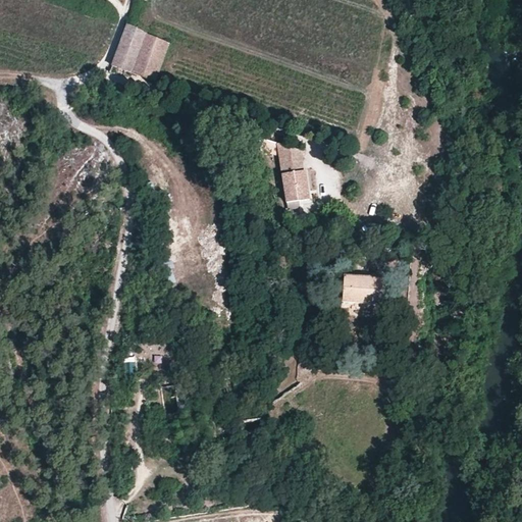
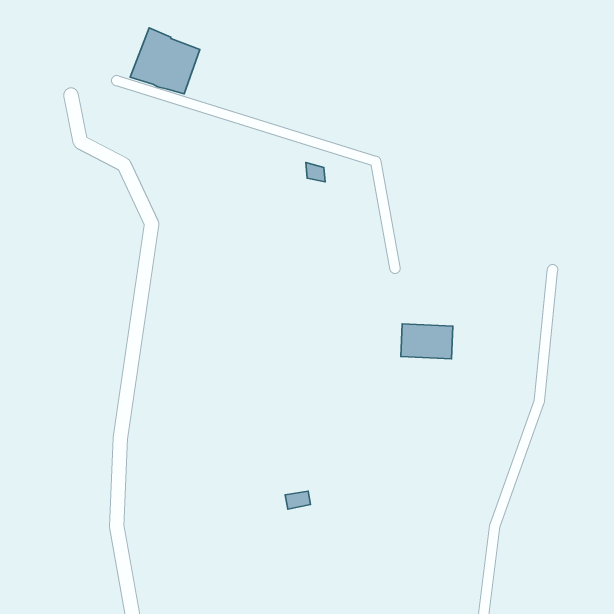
building: [277,143,309,203] -> none

